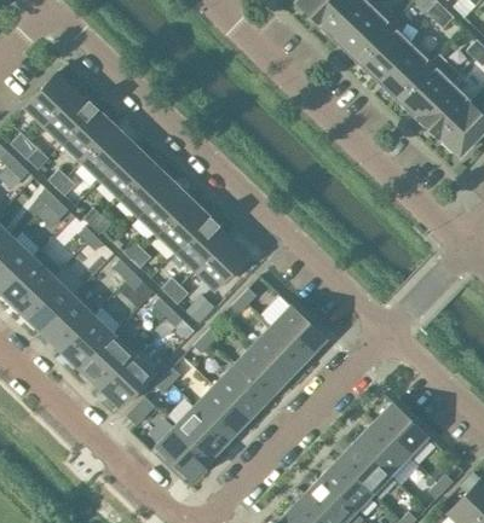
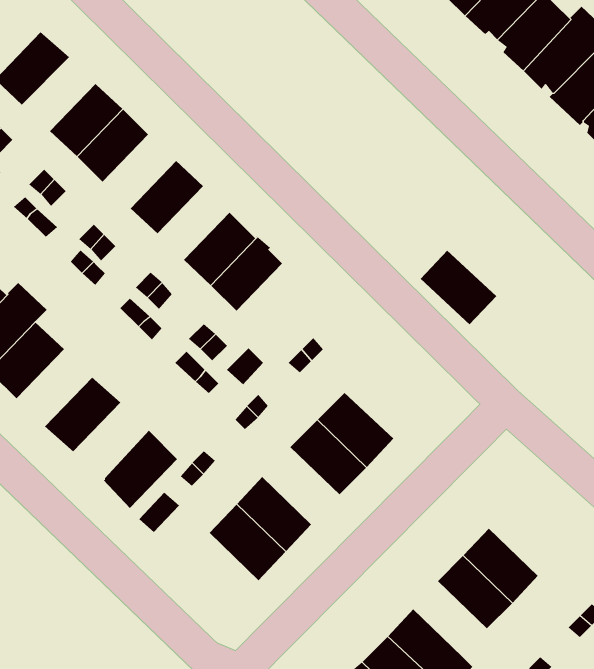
building: [44,91,98,143] -> none
building: [100,145,152,197] -> none
building: [139,181,190,233] -> none
building: [195,236,248,289] -> none
building: [40,292,98,350] -> none
building: [271,306,325,359] -> [420,250,497,325]
building: [80,326,142,388] -> none
building: [213,365,267,419] -> none
building: [373,402,427,455] -> none
building: [155,425,211,481] -> none
building: [319,459,371,512] -> none

